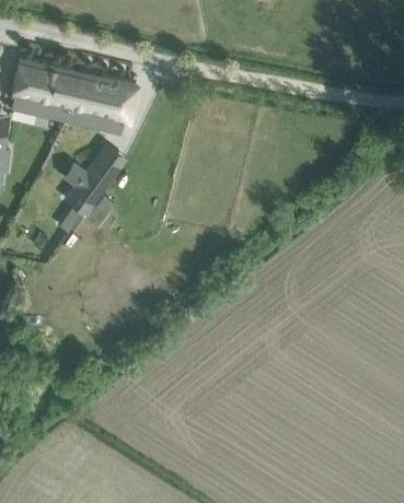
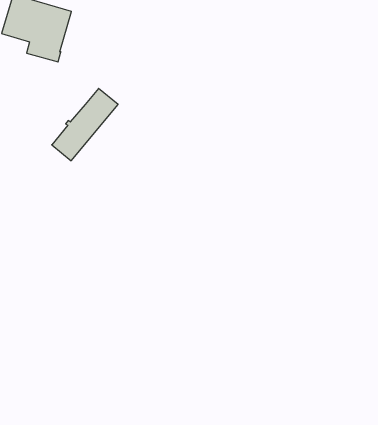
building: [68,72,135,134] -> none

